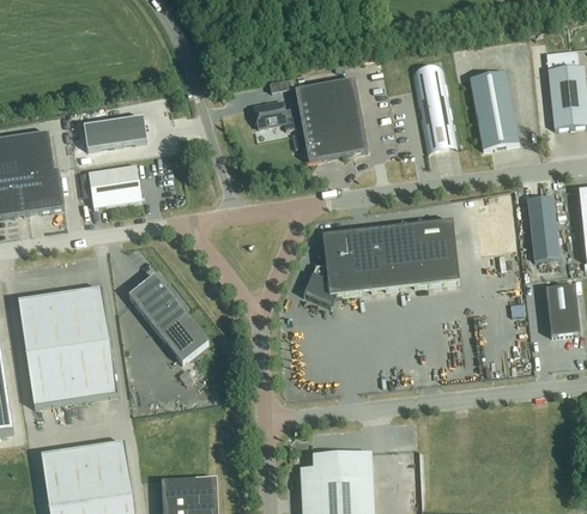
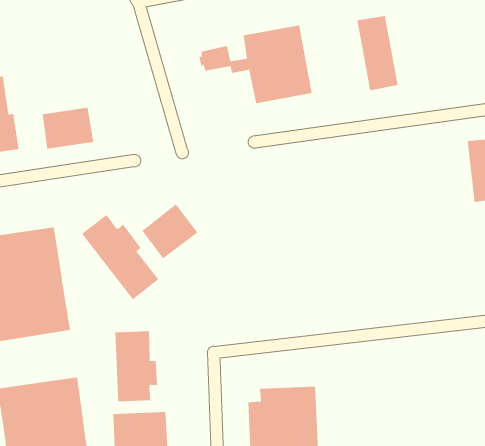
building: [470,69,519,147] -> none
building: [83,114,146,147] -> none
building: [304,220,458,303] -> none
building: none -> [141,204,198,259]
building: none -> [115,330,157,402]

